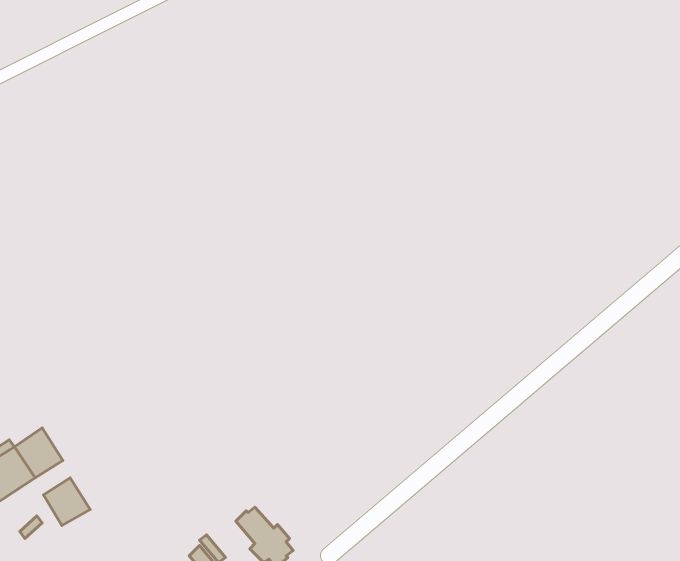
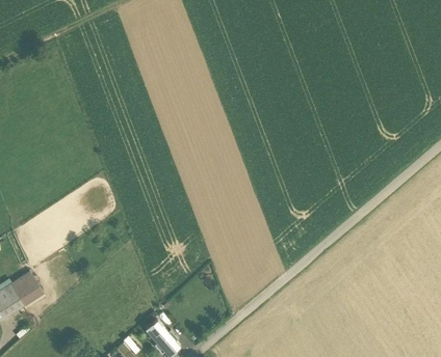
building: [44,478,90,526] -> none

